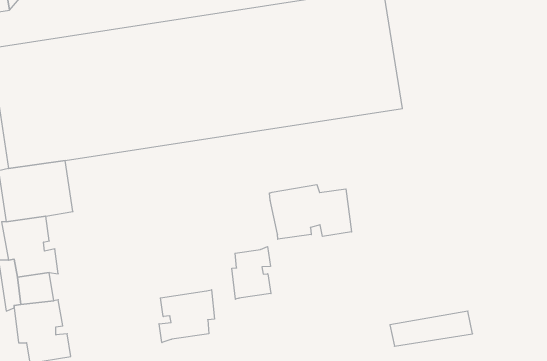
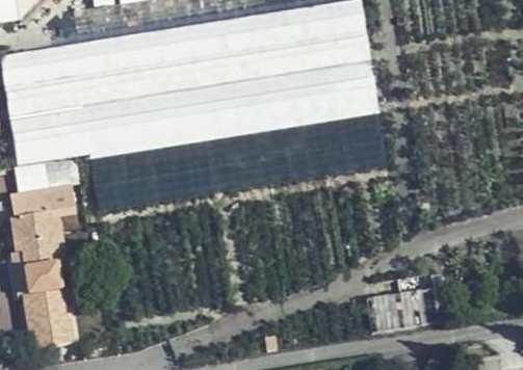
building: [269,185,352,239] -> none
building: [232,247,271,299] -> none
building: [159,290,214,343] -> none

